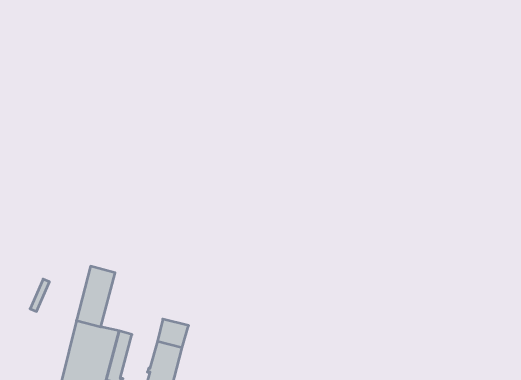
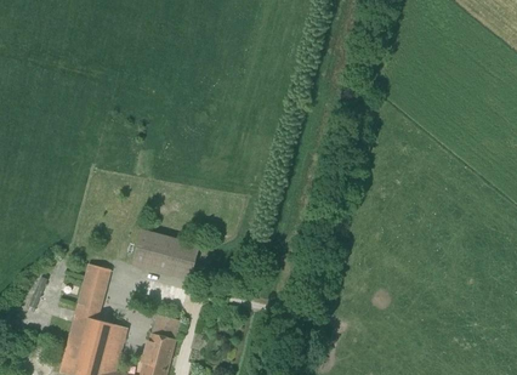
building: none -> [131,229,199,280]

